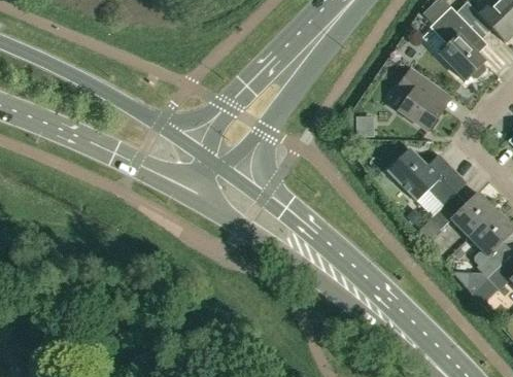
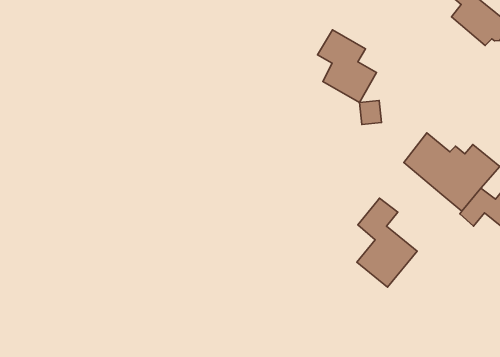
building: [397,68,444,131] -> [318,30,376,103]
building: none -> [357,198,417,287]

